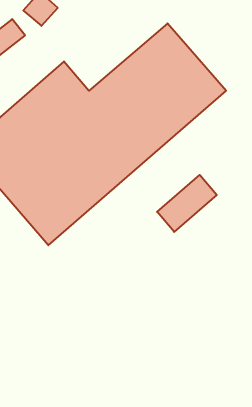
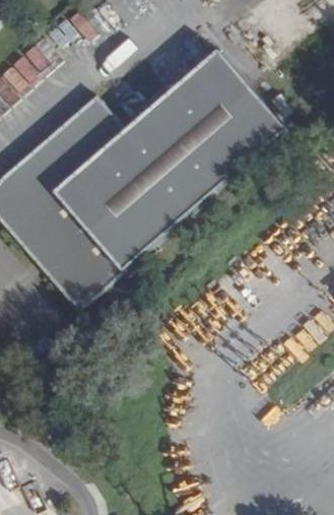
building: [157,175,217,232] -> none

